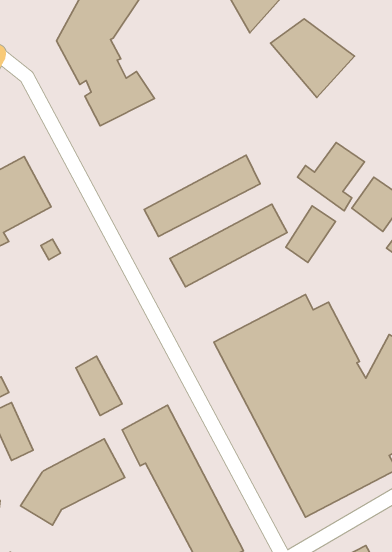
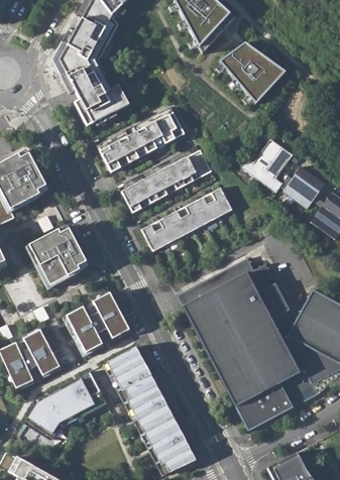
building: none -> [100,111,186,171]
building: [286,206,336,262] -> none
building: none -> [29,225,89,284]
building: none -> [94,291,130,338]
building: none -> [24,329,61,374]

